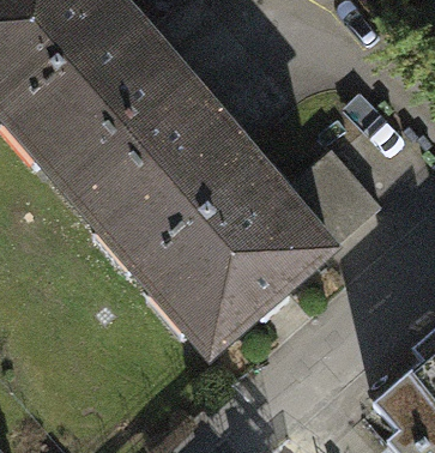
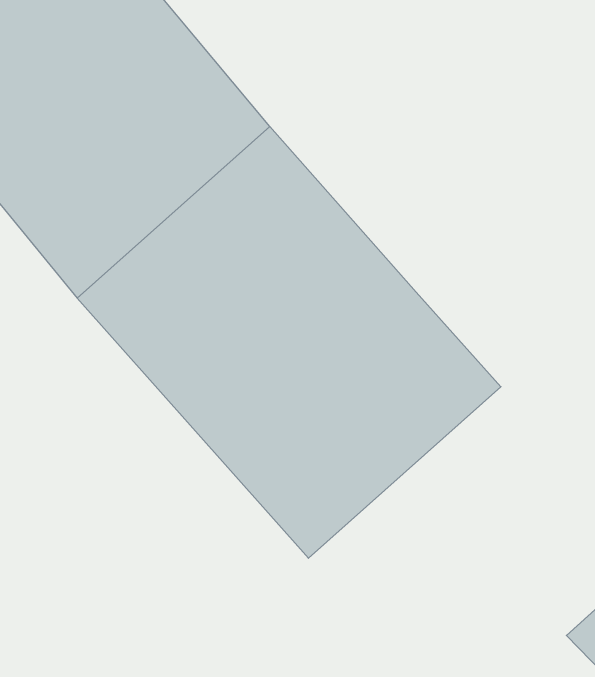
building: [280,145,385,249] -> none

